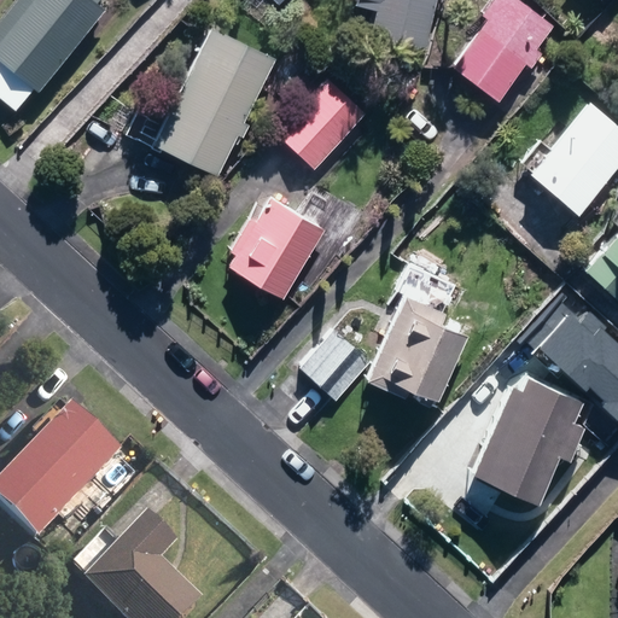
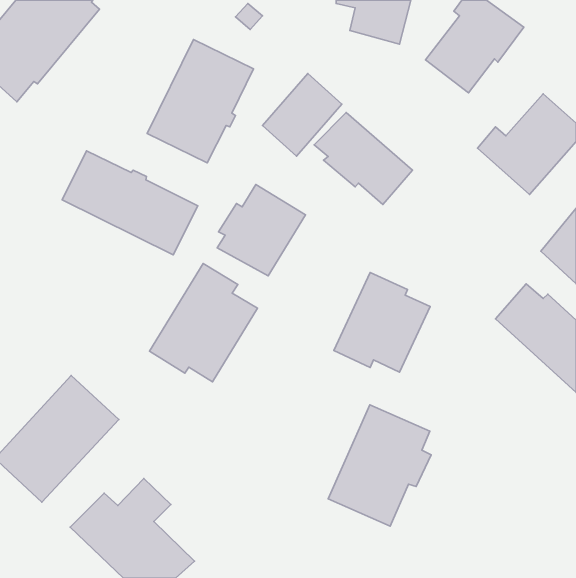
building: none -> [314,112,412,204]
building: none -> [62,151,198,255]
building: none -> [150,264,257,382]
building: [290,327,356,393] -> none
building: [471,375,581,505] -> [328,405,431,526]

